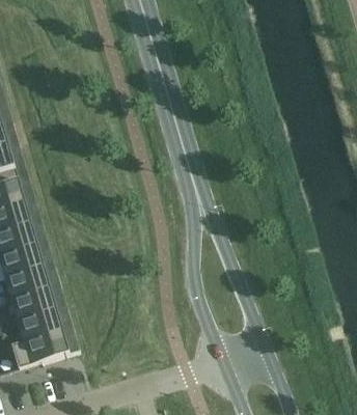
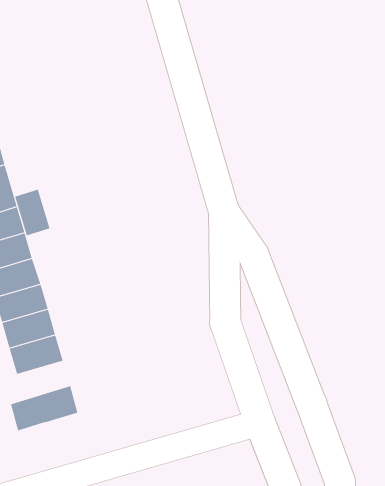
building: none -> [15,189,50,236]
building: [10,308,62,344] -> none

